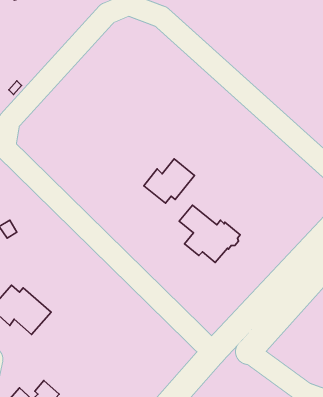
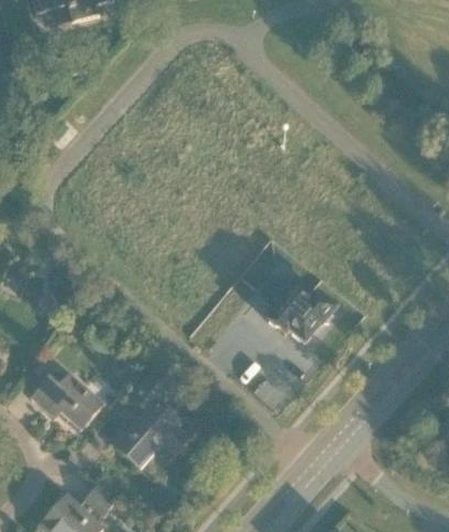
building: [144,159,195,203] -> none
building: none -> [114,374,191,466]

